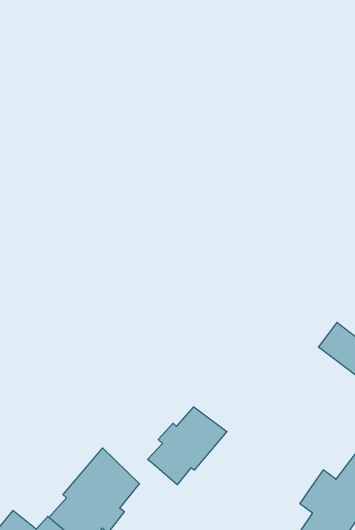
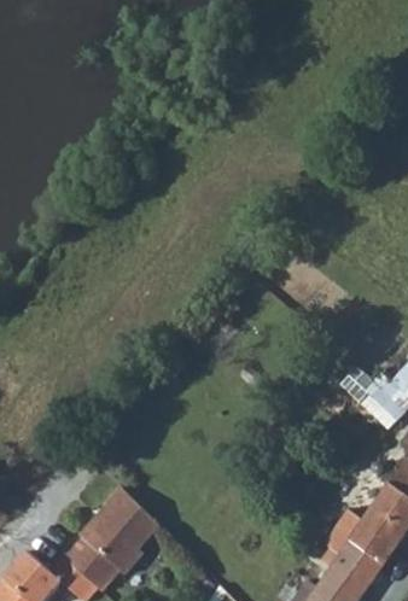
building: [148,407,227,485] -> none

